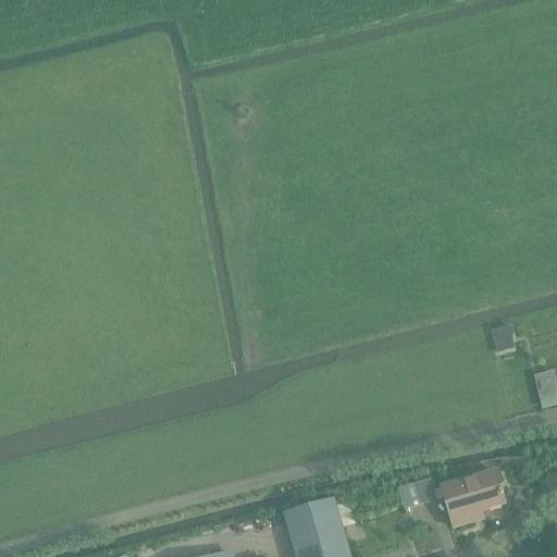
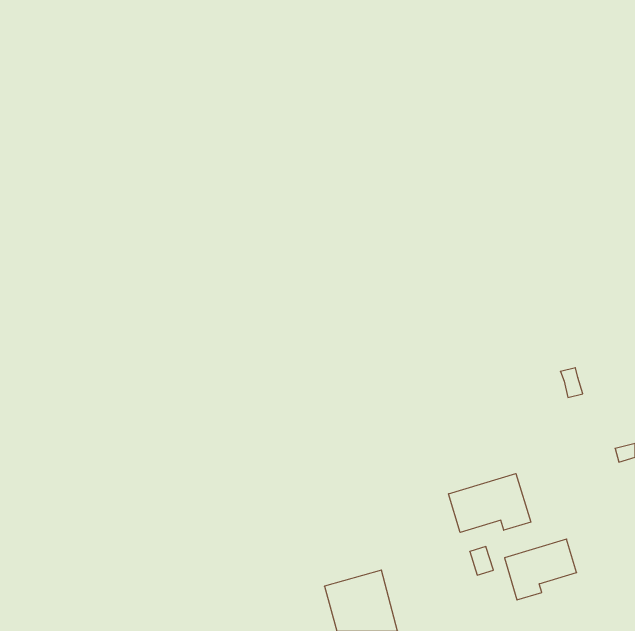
building: none -> [449,474,531,532]

